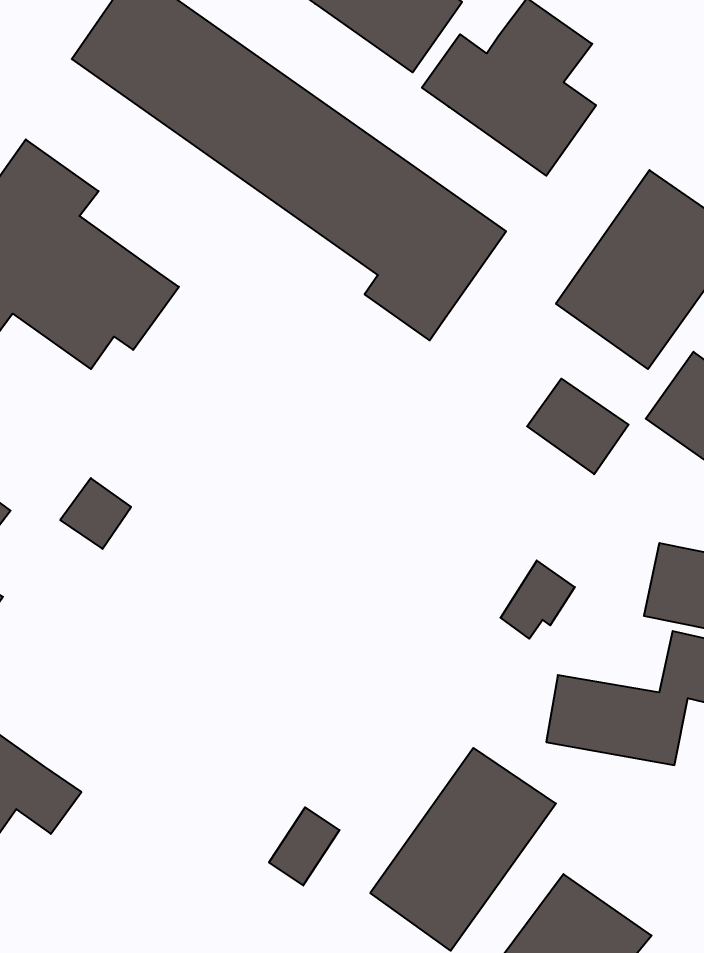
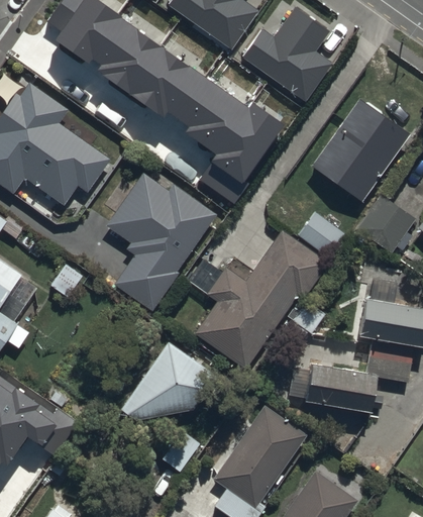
building: none -> [107,176,215,314]
building: none -> [194,231,329,370]
building: none -> [107,344,244,428]

